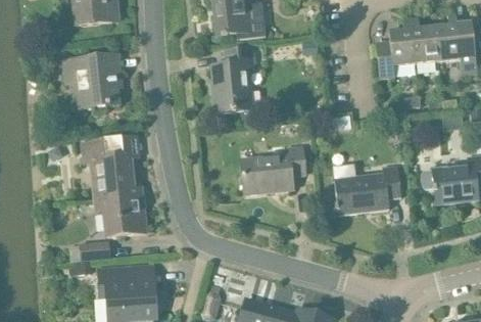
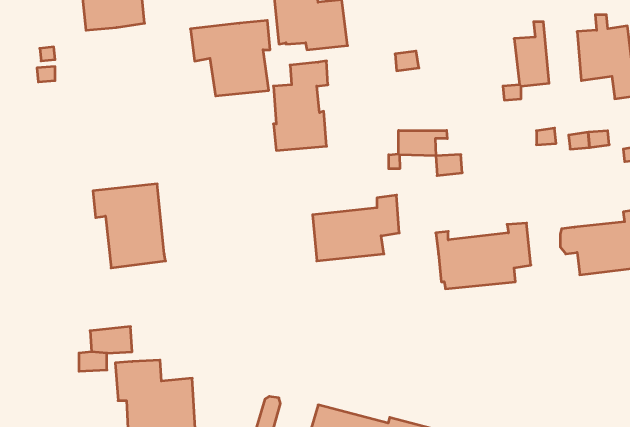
building: [411,17,438,63] -> none
building: [63,53,122,108] -> [190,20,270,96]
building: none -> [389,130,447,169]
building: [95,187,147,235] -> none

